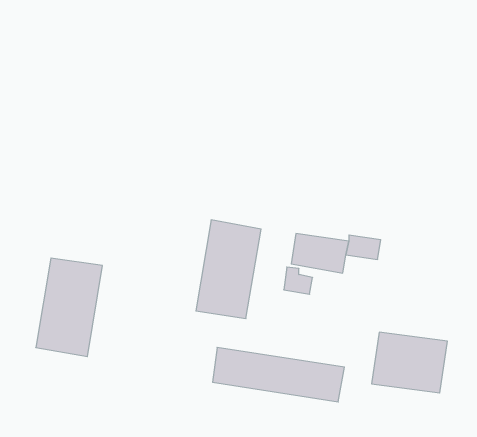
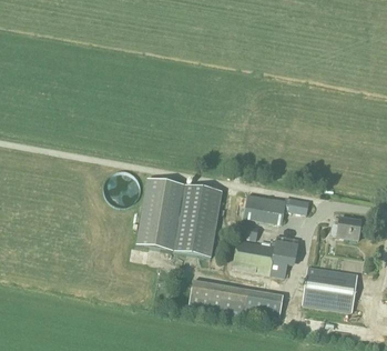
building: [36,258,102,357] -> [136,179,185,251]
building: none -> [330,218,360,239]
building: none -> [233,234,299,277]

